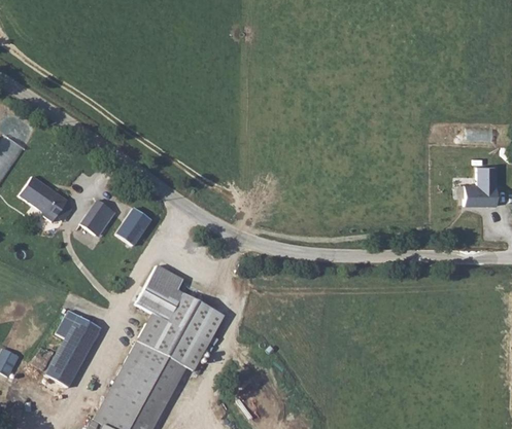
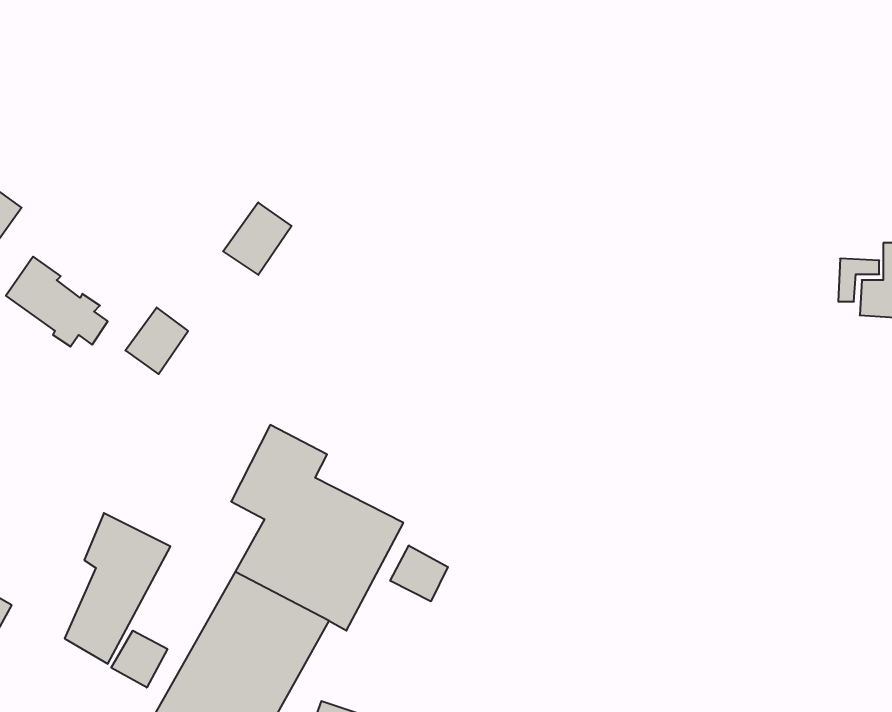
building: [115,208,151,246] -> [223,202,292,275]
building: none -> [390,545,448,601]
building: none -> [111,631,167,688]

